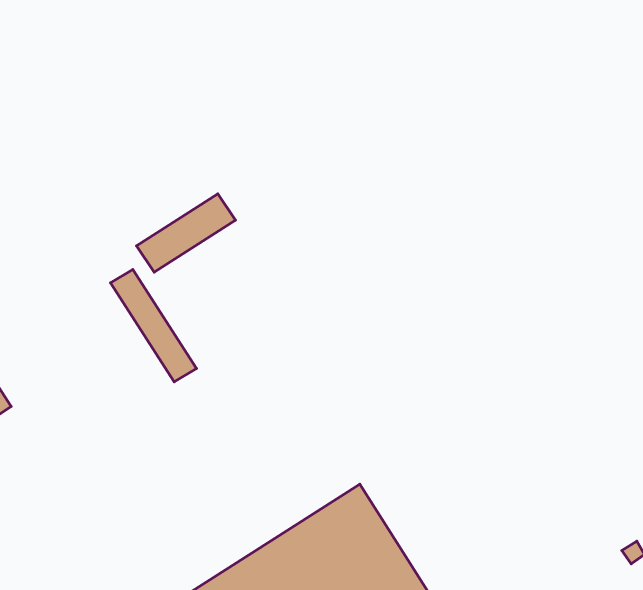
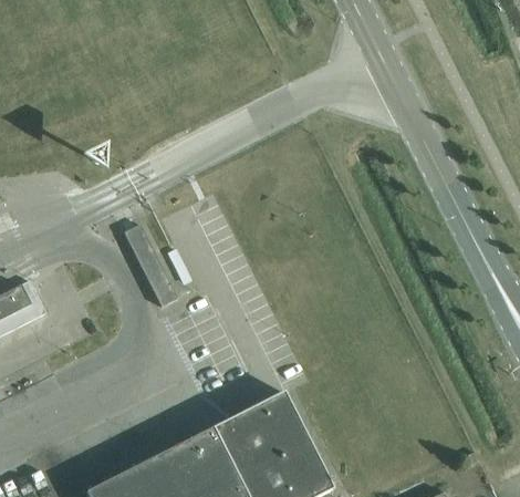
building: [137,194,235,272] -> none

